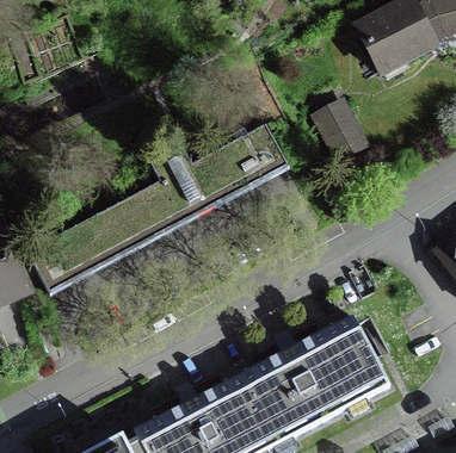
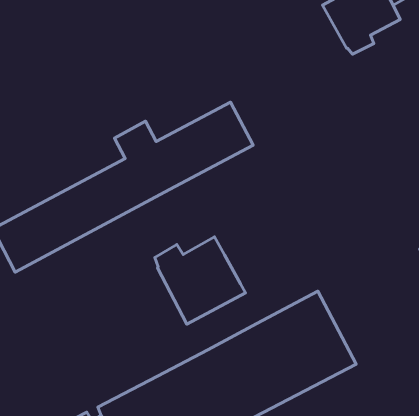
building: [313,104,364,162] -> none
building: none -> [155,237,246,324]

